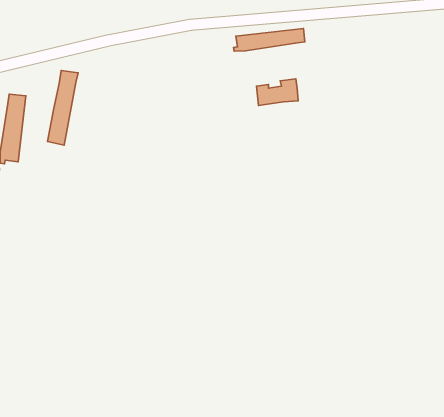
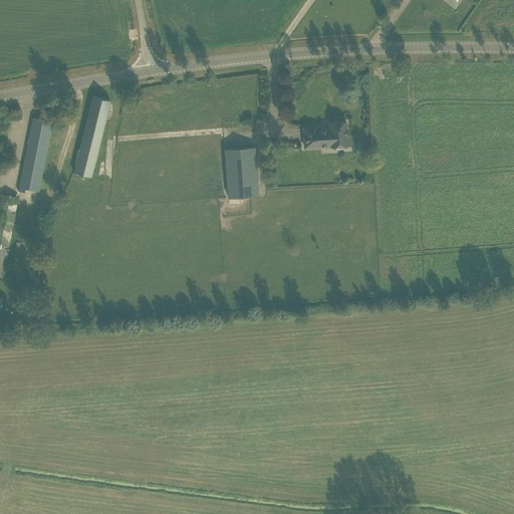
building: [234,28,305,51] -> none
building: none -> [224,148,257,199]

